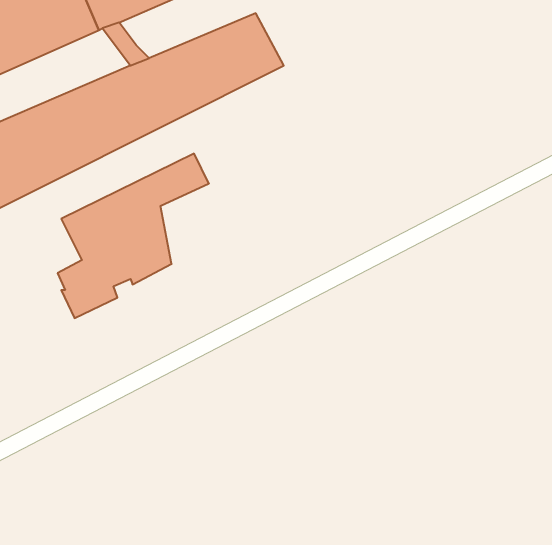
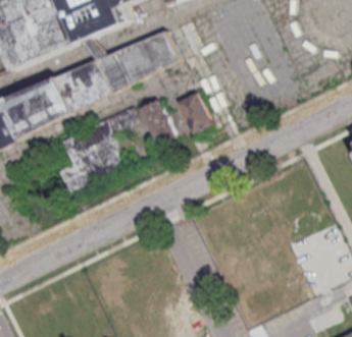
building: none -> [180,95,214,136]
building: none -> [142,101,179,148]

